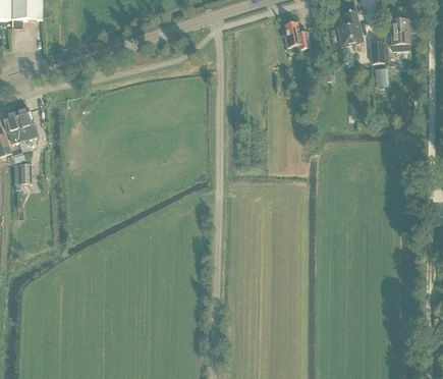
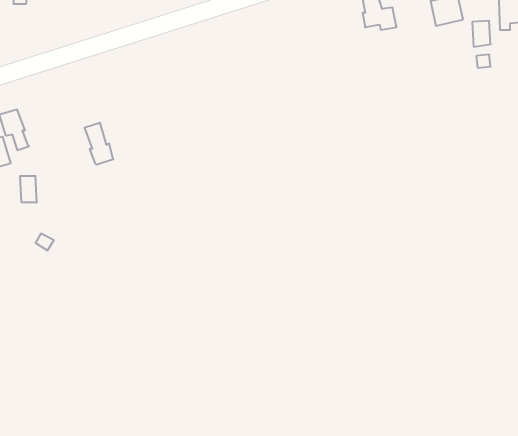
building: [15,106,38,139] -> [84,123,113,165]

